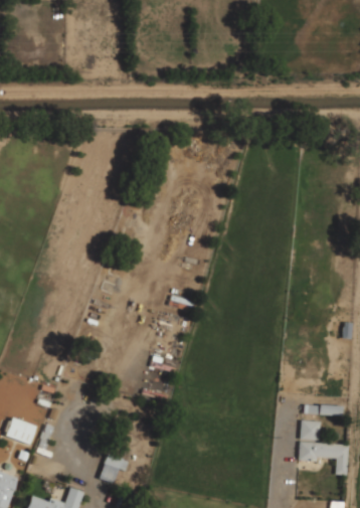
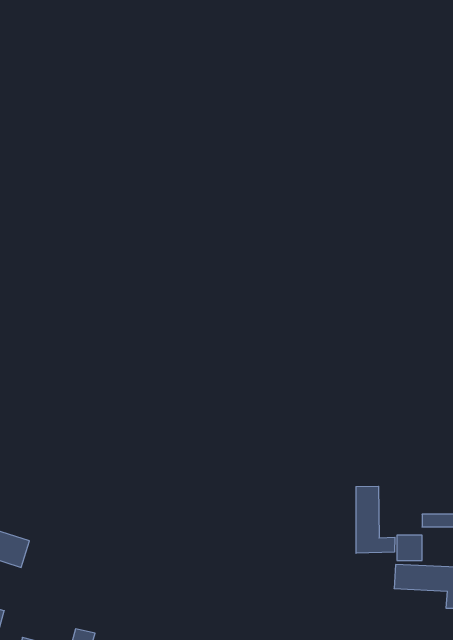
building: none -> [356,486,395,553]
building: [99,453,129,485] -> none

